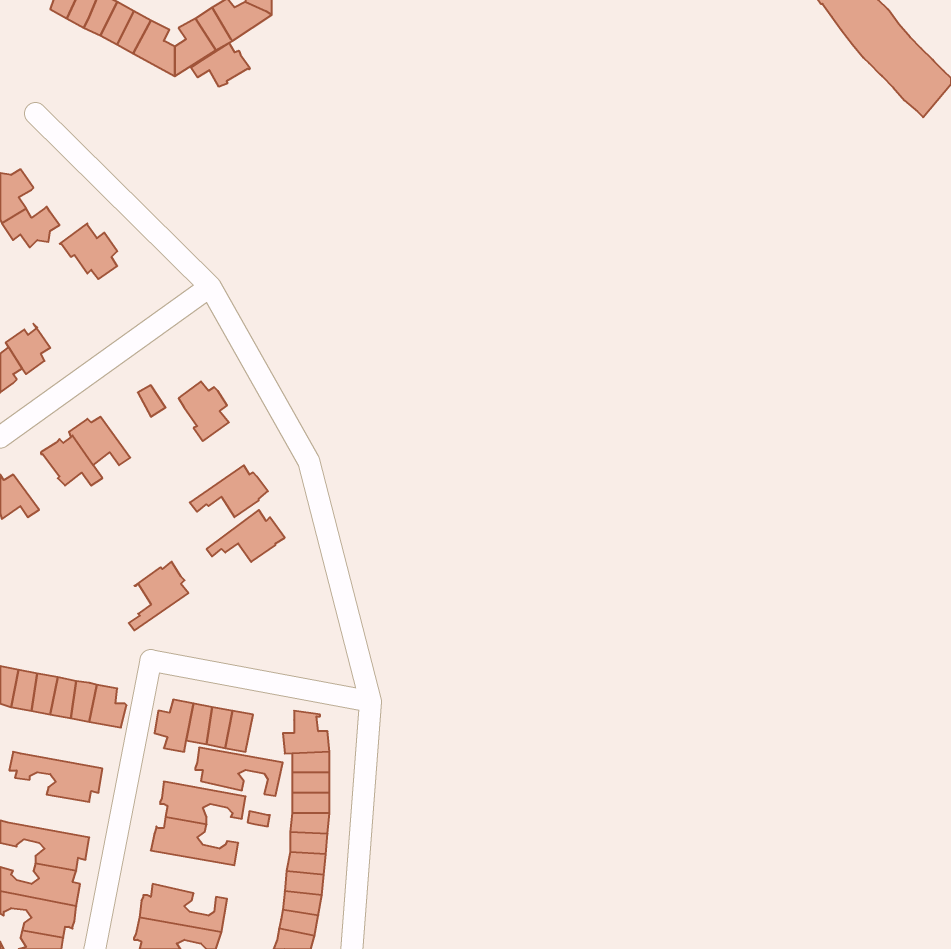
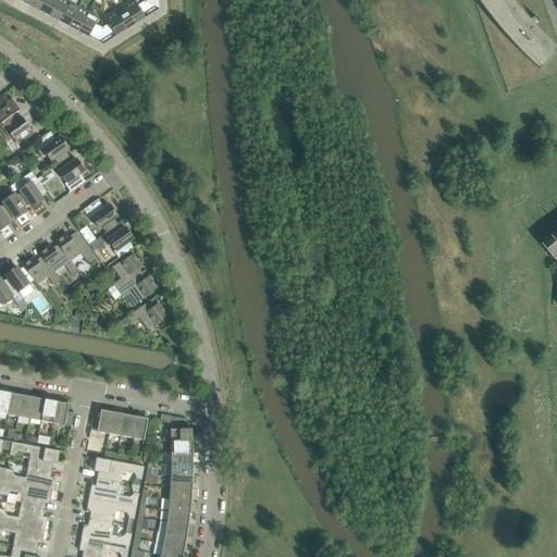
building: [191,43,250,87] -> none
building: none -> [55,156,86,193]
building: none -> [15,171,47,207]
building: none -> [84,197,117,232]
building: none -> [57,232,94,268]
building: none -> [5,265,35,298]
building: [129,562,188,630] -> [108,253,143,294]
building: [195,748,283,796] -> [86,497,137,525]
building: none -> [4,465,54,490]

